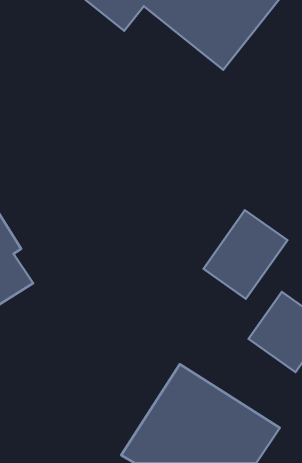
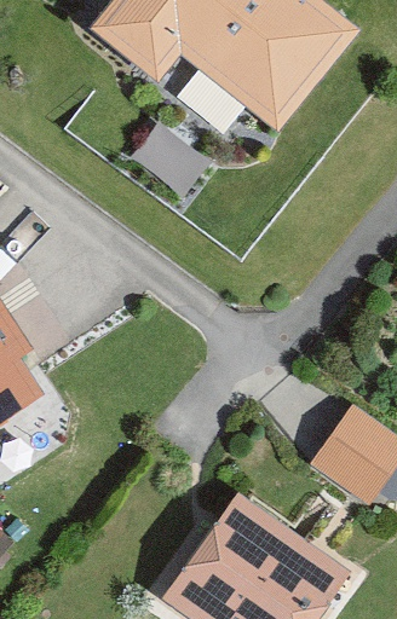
building: [203,210,287,299] -> none

